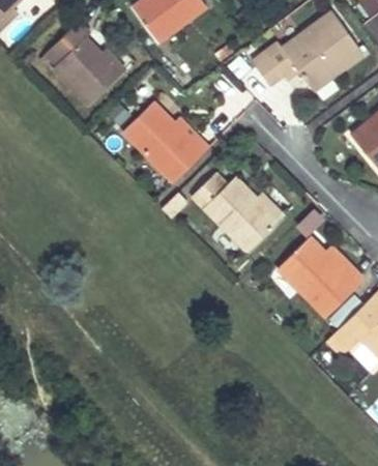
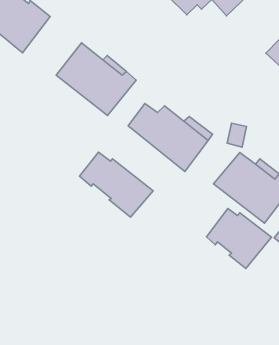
building: none -> [80,152,153,217]
building: none -> [206,209,271,268]

